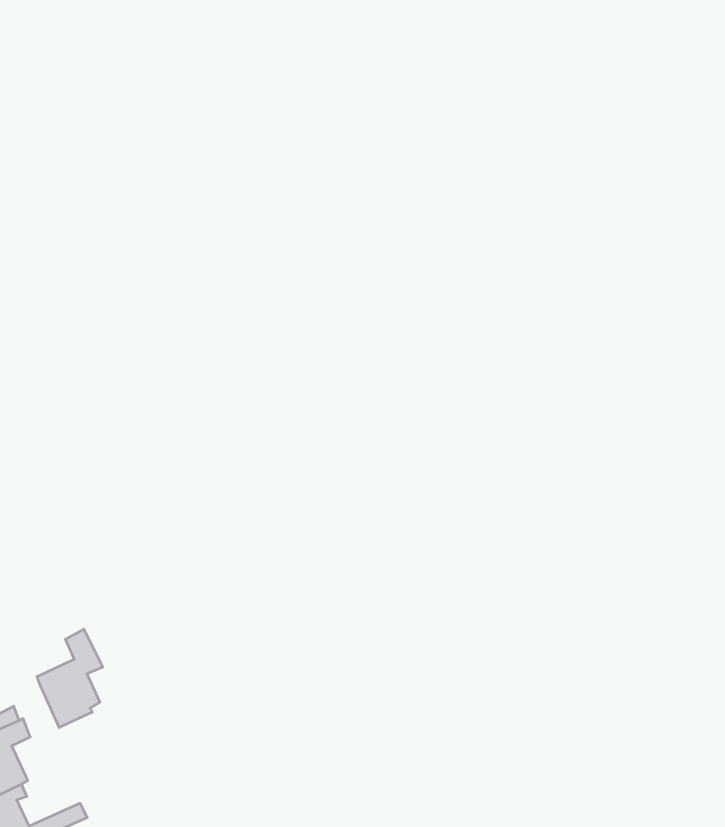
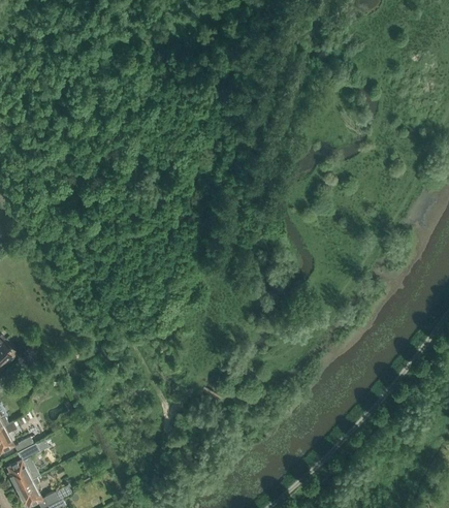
building: [37,629,103,728] -> none

